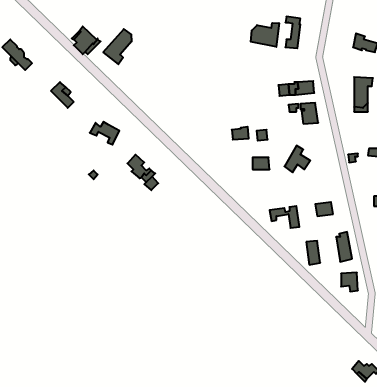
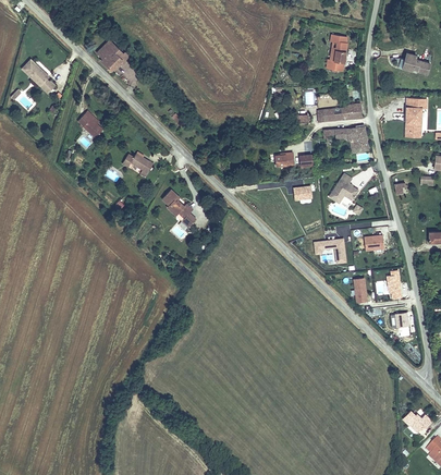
building: [251,23,279,47] -> none
building: [103,29,132,64] -> none

